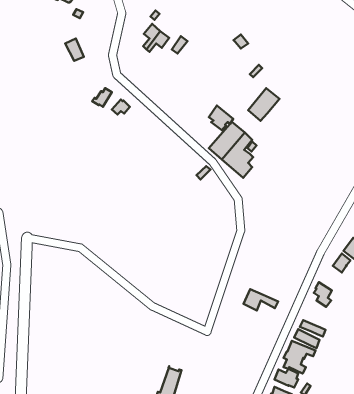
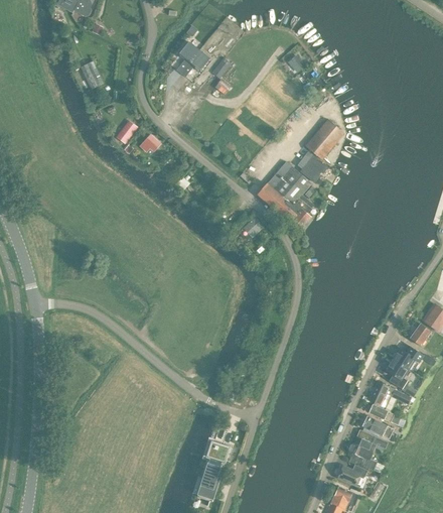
building: [209,106,233,130] -> [297,151,327,181]
building: none -> [393,346,424,371]
building: [244,289,278,310] -> [370,381,412,407]

